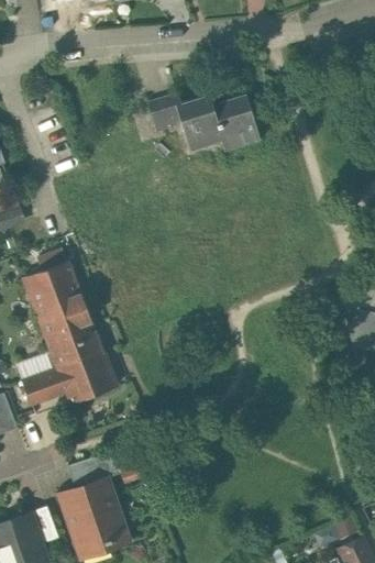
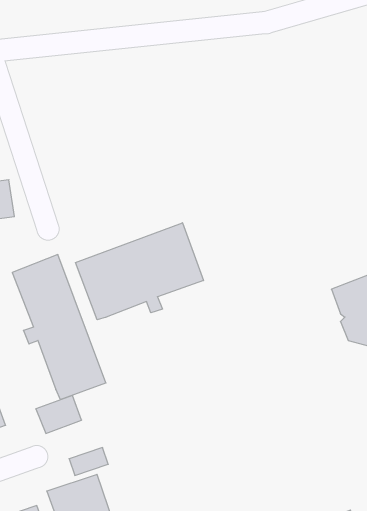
building: [150,85,263,148] -> none
building: none -> [76,223,203,320]
building: [20,369,65,407] -> [36,396,82,433]

